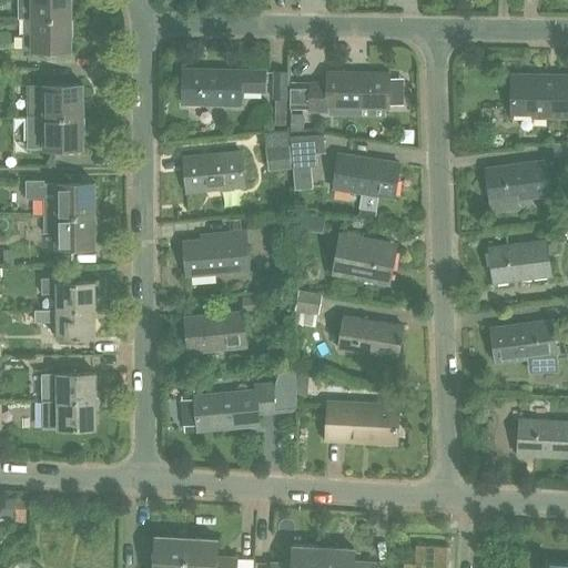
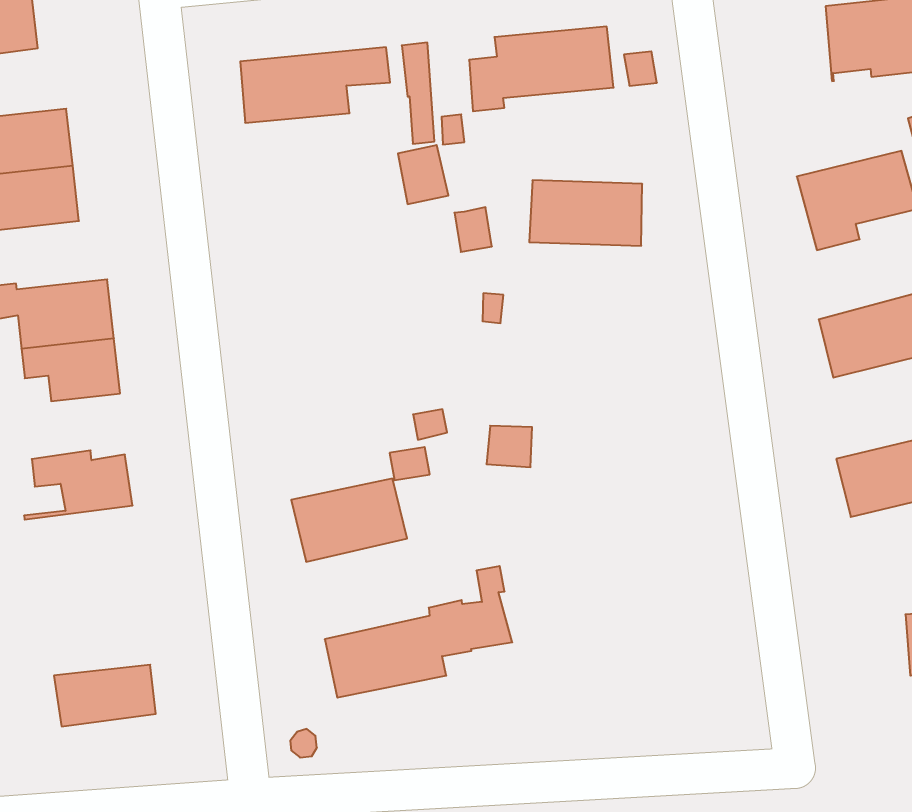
building: [290,135,324,168] -> none
building: [182,153,244,192] -> none
building: [183,232,248,275] -> none
building: [332,233,395,288] -> none
building: [33,311,94,338] -> none
building: [336,315,403,358] -> none
building: [40,374,94,400] -> none
building: [325,403,395,445] -> none

